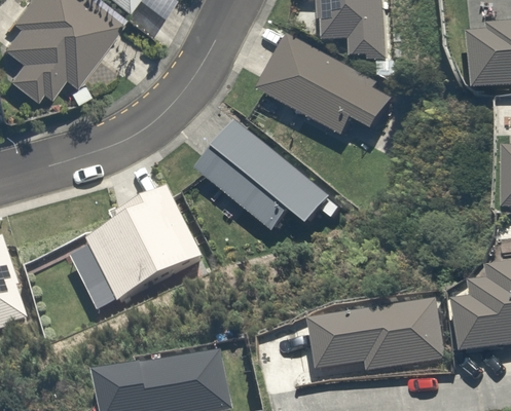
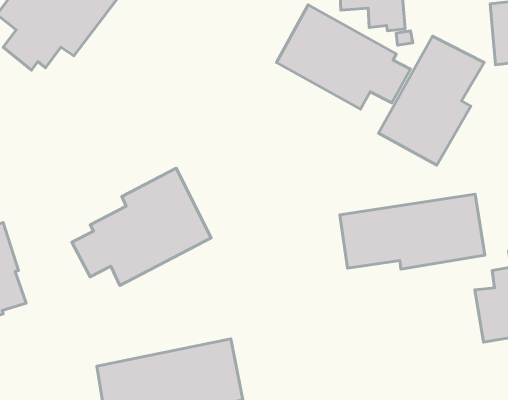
building: none -> [379,36,484,165]
building: [202,121,336,229] -> none
building: [306,300,443,371] -> [340,194,485,269]

